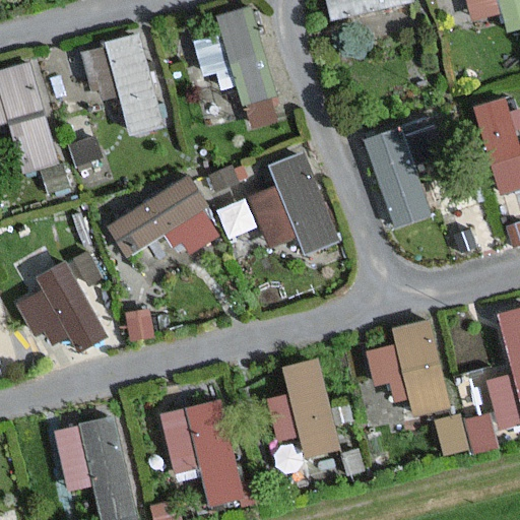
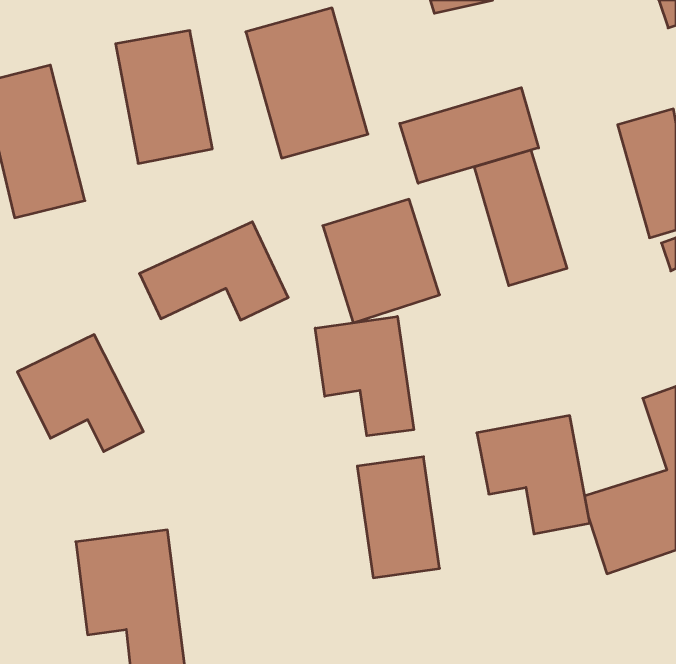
building: none -> [400,88,539,183]
building: none -> [315,316,414,436]
building: [160,400,247,510] -> none

